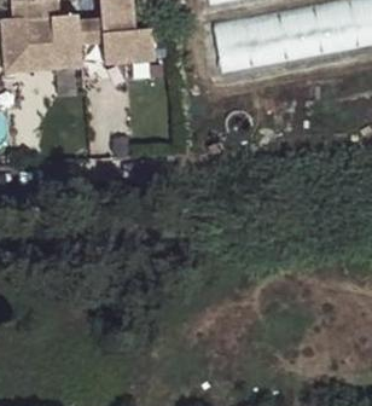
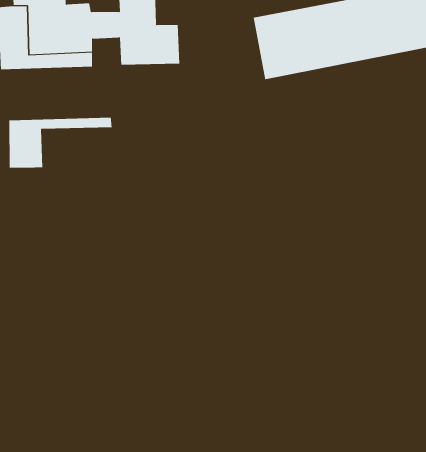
building: none -> [9,117,112,169]

